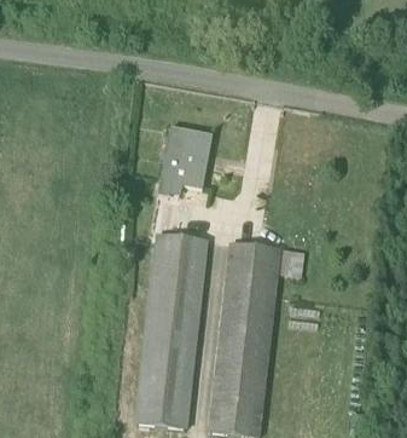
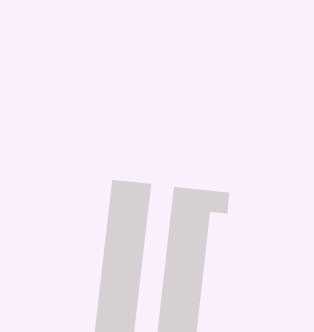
building: [161,126,213,189] -> none

